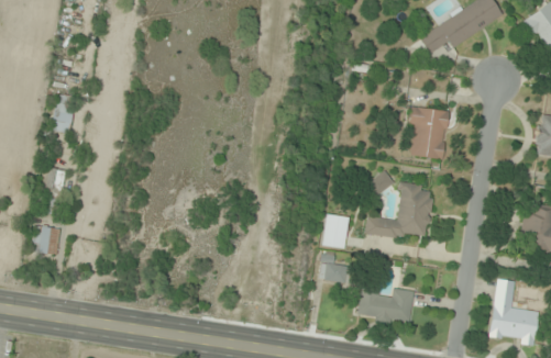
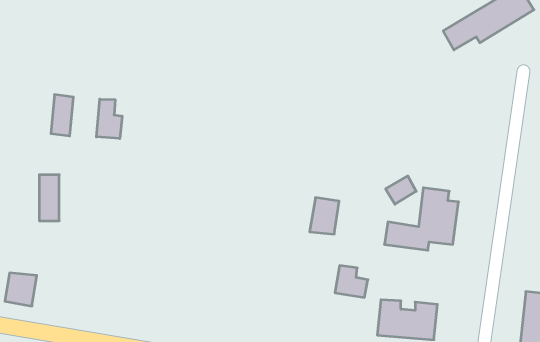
building: none -> [96,99,122,139]
building: [408,105,450,160] -> none
building: [321,213,349,247] -> [310,198,339,234]
building: [31,226,60,257] -> [5,273,37,306]

